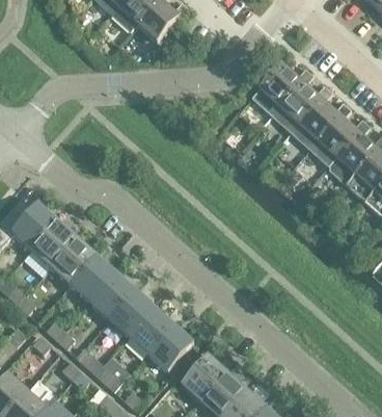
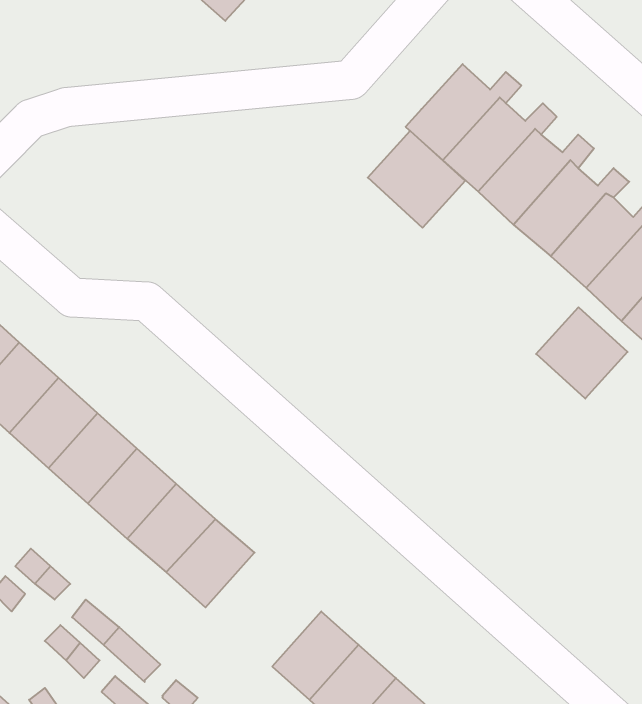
building: none -> [368,131,465,228]
building: none -> [536,307,628,399]
building: [146,323,194,372] -> none

